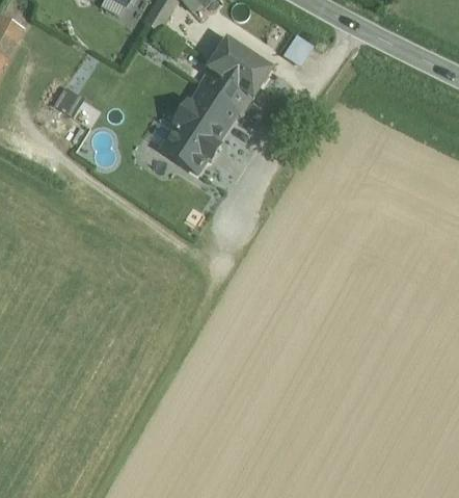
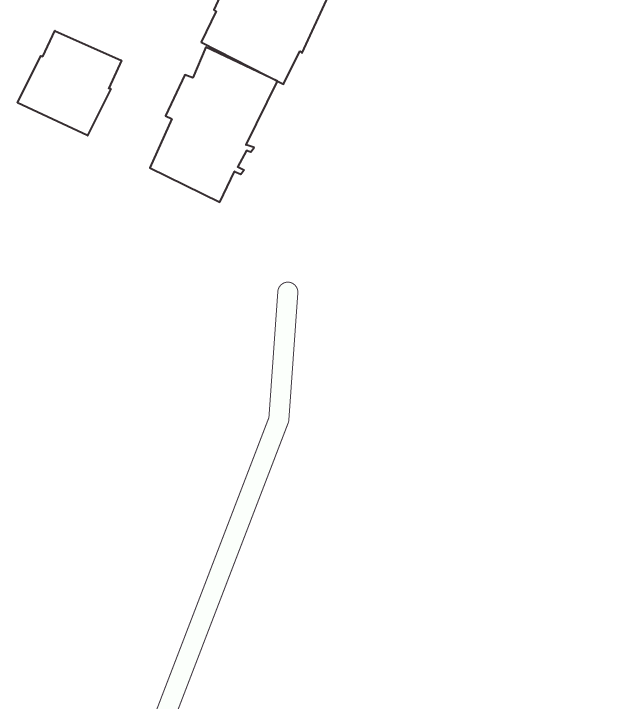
building: none -> [18,31,121,136]

